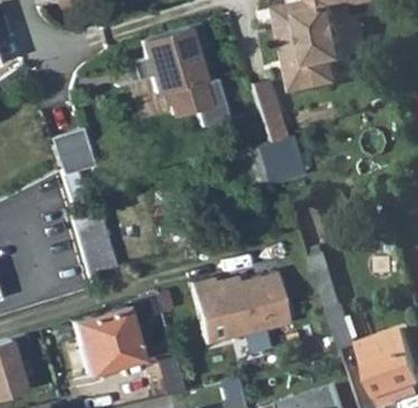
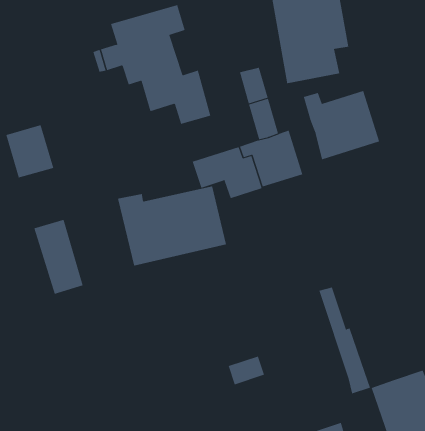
building: none -> [303,90,380,160]
building: [194,272,289,341] -> [117,186,227,266]
building: [75,306,144,375] -> none

